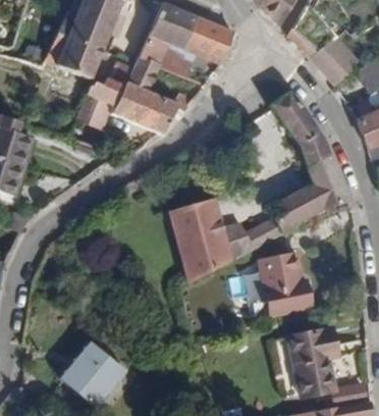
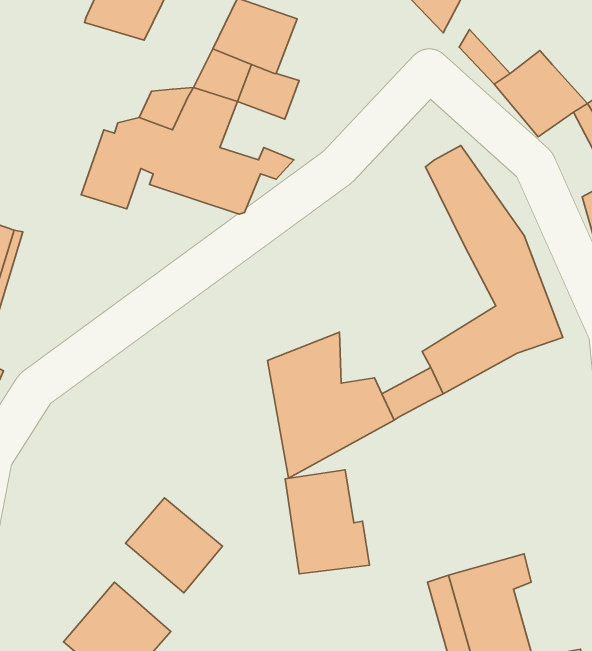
building: [43,12,108,73] -> none
building: [184,16,236,60] -> none
building: [261,252,310,312] -> [285,470,370,574]
building: none -> [125,498,222,593]

